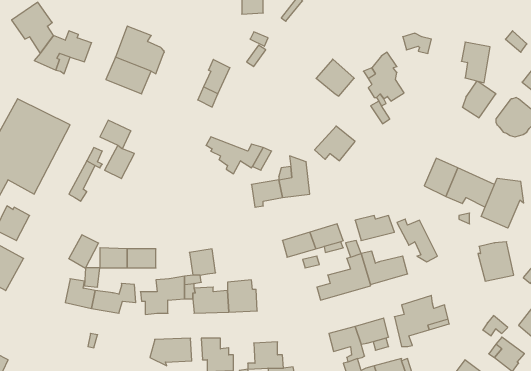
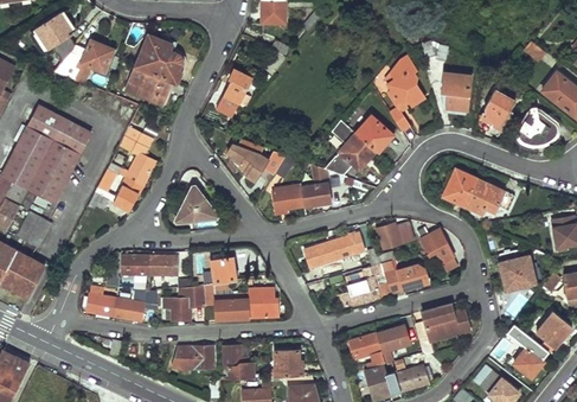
building: [461,42,490,83] -> [442,71,470,111]
building: [316,59,354,96] -> [355,115,393,152]
building: none -> [177,185,214,219]
building: [481,178,524,228] -> none
building: [69,235,99,268] -> [113,178,142,211]

